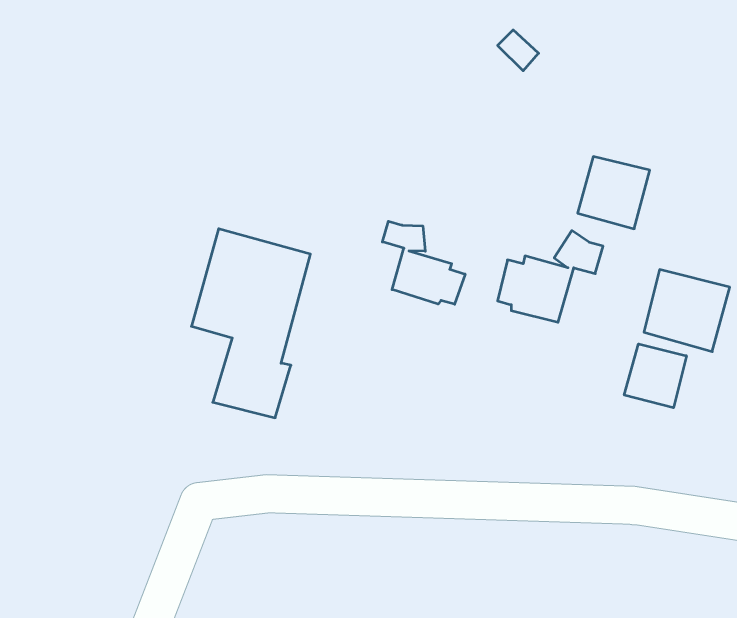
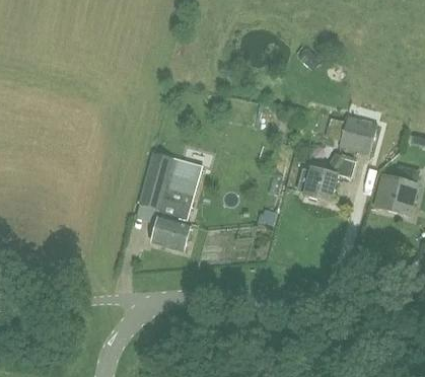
building: [382,221,465,304] -> none
building: [624,344,686,408] -> none

